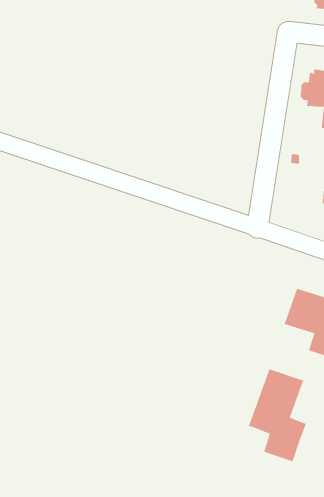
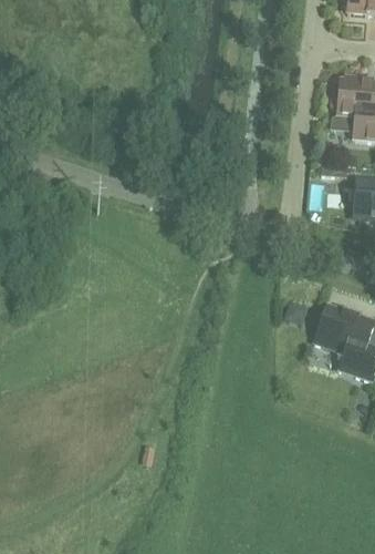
building: [248,369,306,462] -> none

